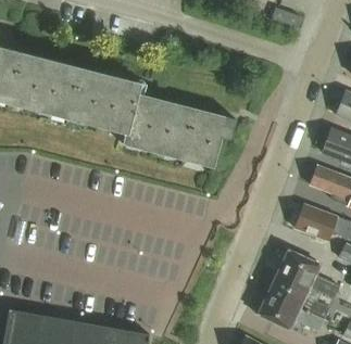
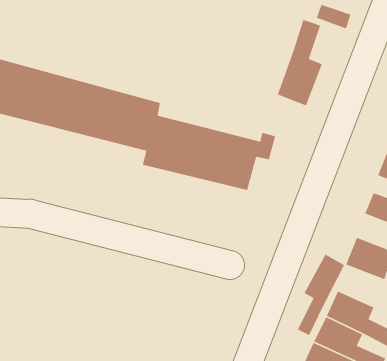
building: none -> [277,19,323,106]
building: none -> [297,253,345,336]

